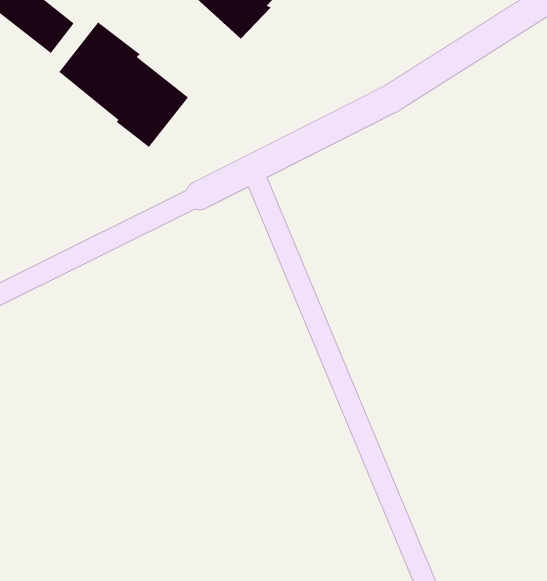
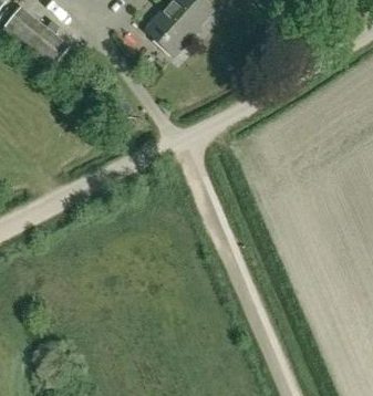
building: [59,21,189,148] -> none

